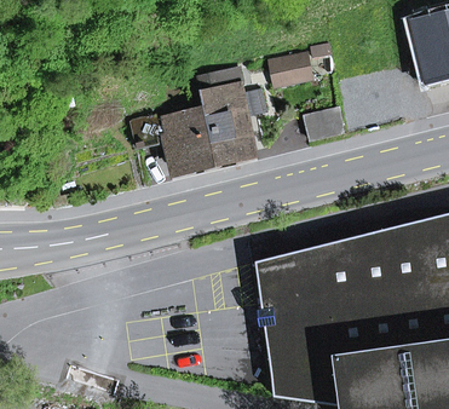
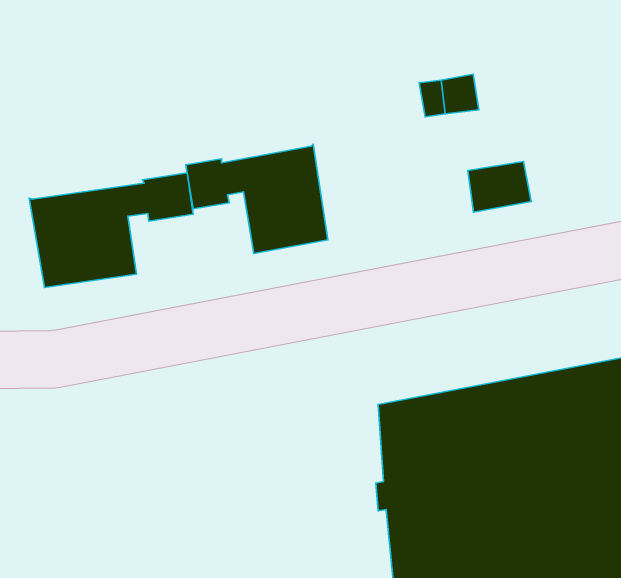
building: [200,69,261,162] -> none
building: none -> [29,173,193,287]

